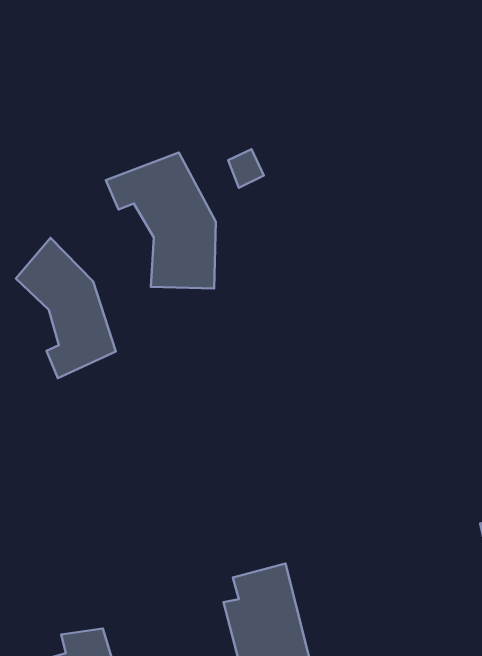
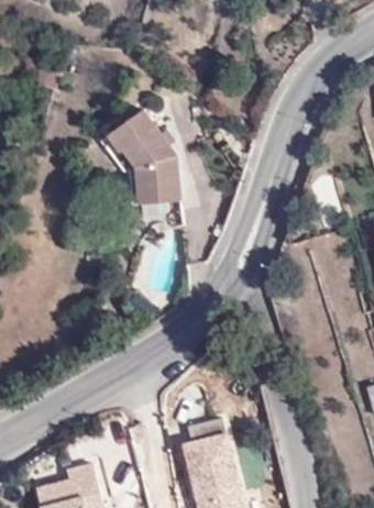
building: [16,238,116,378] -> none

